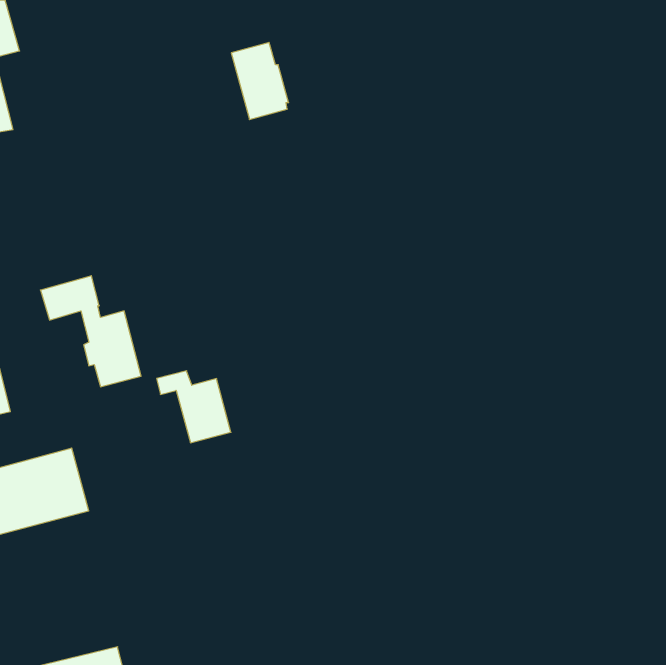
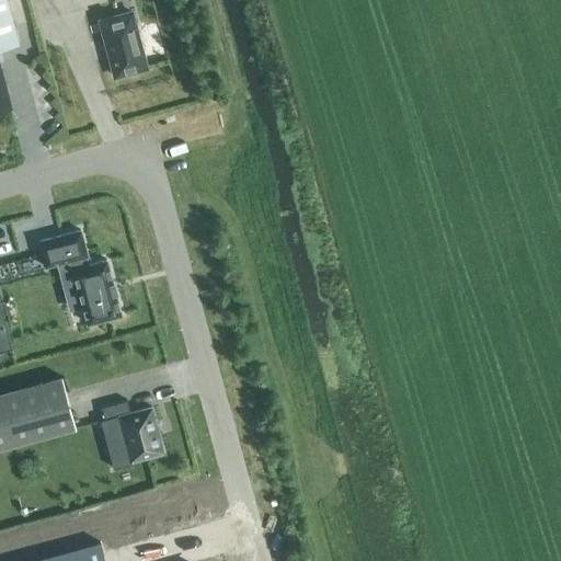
building: [231,42,289,120] -> [98,14,146,79]
building: [157,371,231,443] -> [100,403,162,463]

